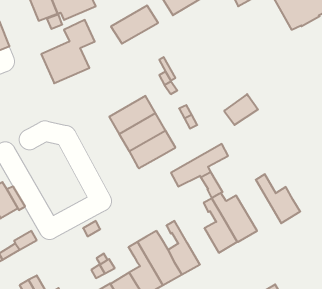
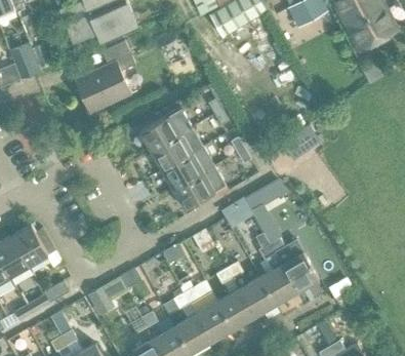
building: [111,6,158,44] -> [139,108,193,151]
building: [256,174,300,223] -> [226,263,276,318]
building: none -> [90,279,126,314]

